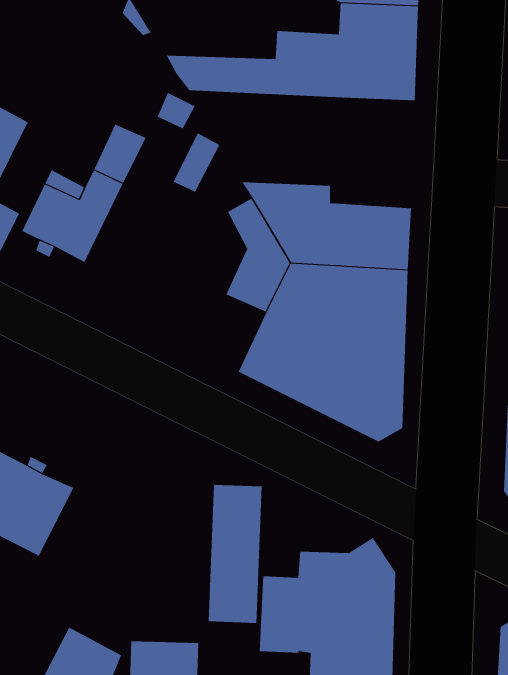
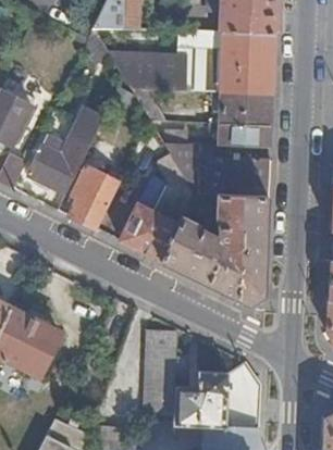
building: none -> [209,91,271,148]
building: none -> [67,166,120,229]
building: none -> [120,205,178,261]

